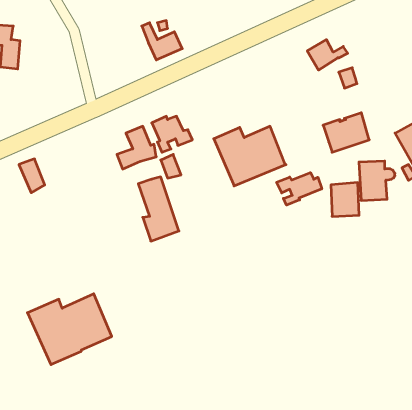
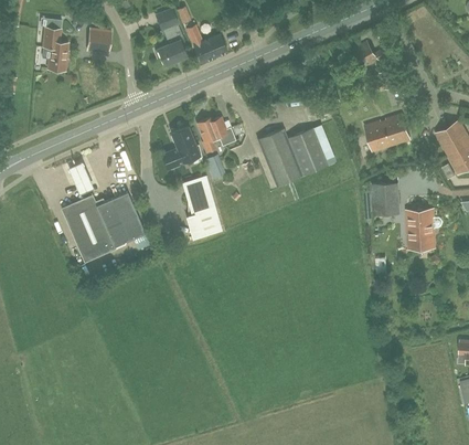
building: none -> [154,8,185,64]
building: none -> [87,28,111,52]
building: [359,161,395,200] -> [407,209,443,247]
building: [277,173,322,205] -> none
building: [27,294,112,365] -> [62,191,145,261]

